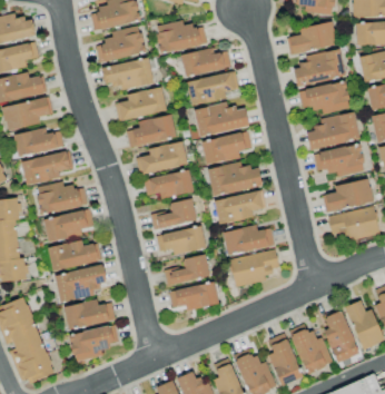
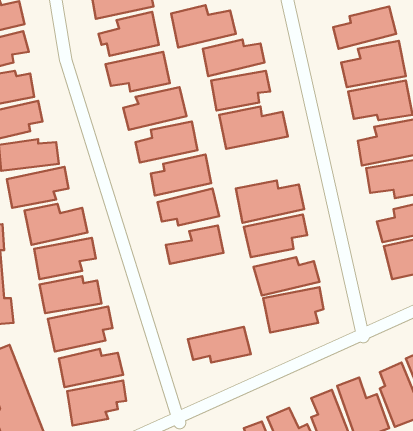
building: [201,131,251,165] -> none
building: [156,226,206,255] -> none
building: [164,255,210,286] -> none

